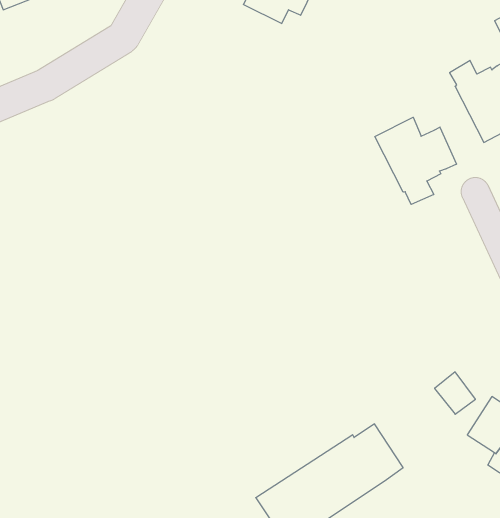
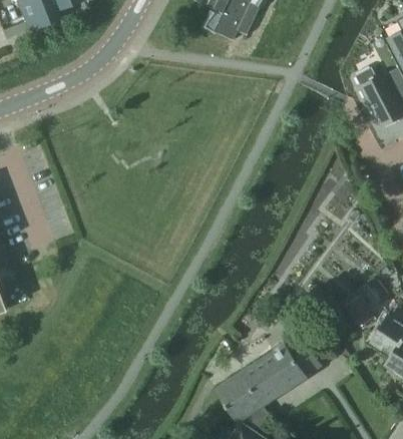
building: [375,117,456,204] -> none

